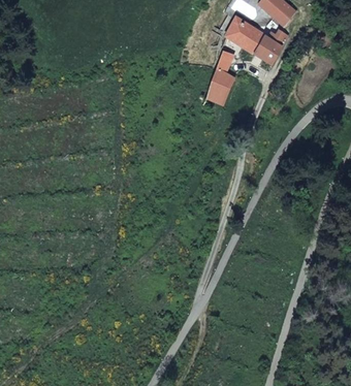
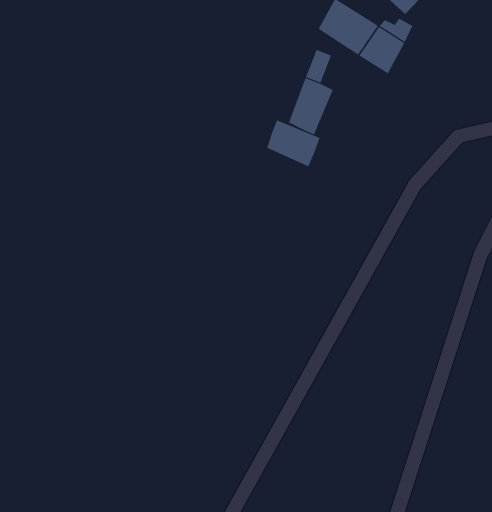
building: none -> [266,119,320,167]

